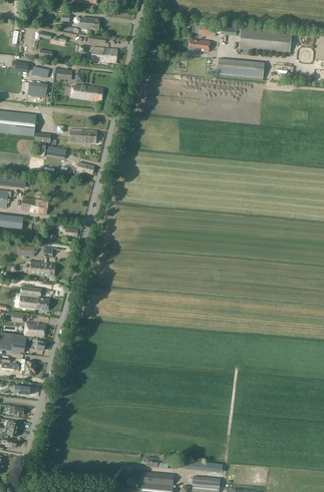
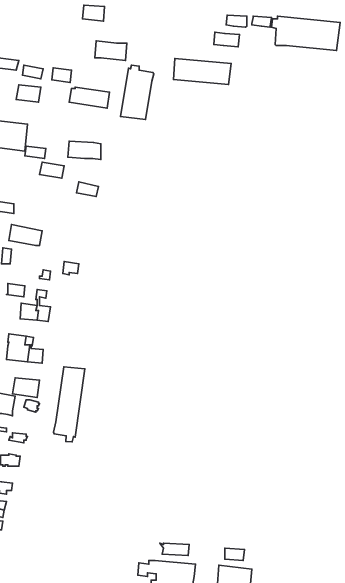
building: [217,58,264,79] -> [173,59,231,84]
building: none -> [121,65,154,120]
building: none -> [54,367,85,442]

